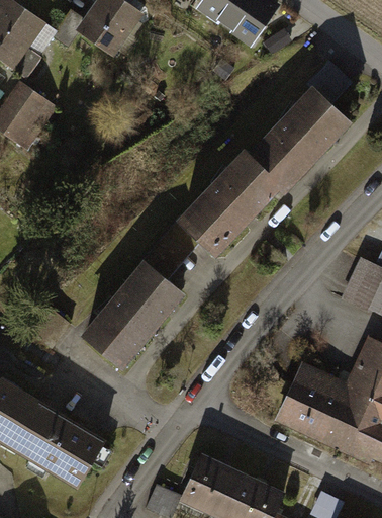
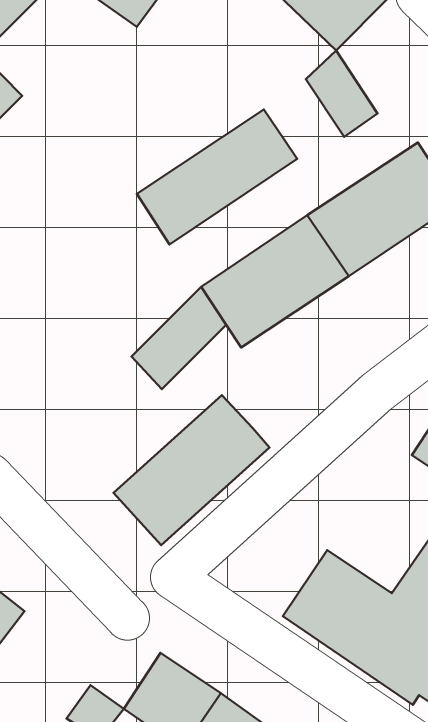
building: none -> [306,51,378,137]
building: none -> [137,110,297,244]
building: [88,263,185,367] -> [113,395,269,545]

